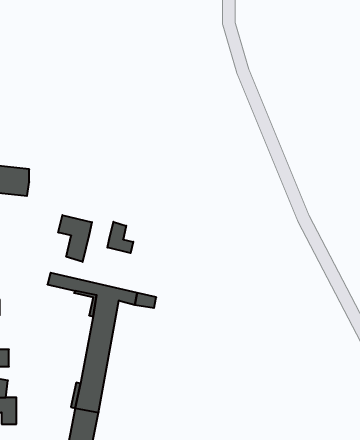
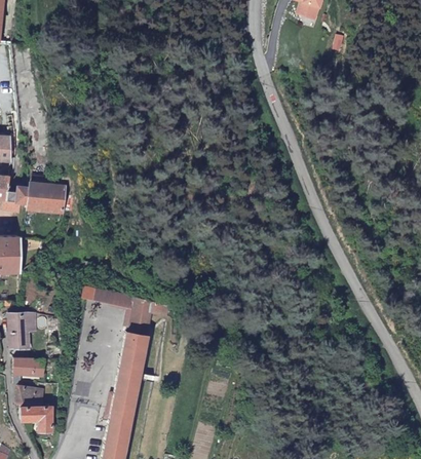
building: [58,215,92,262] -> none
building: [107,222,133,253] -> none

